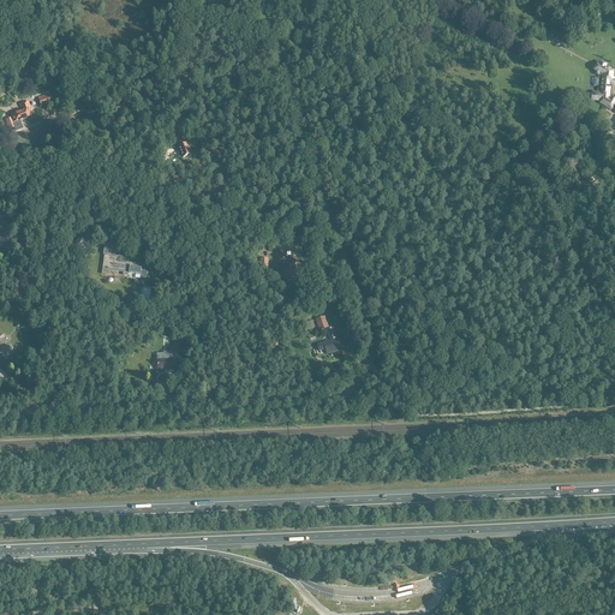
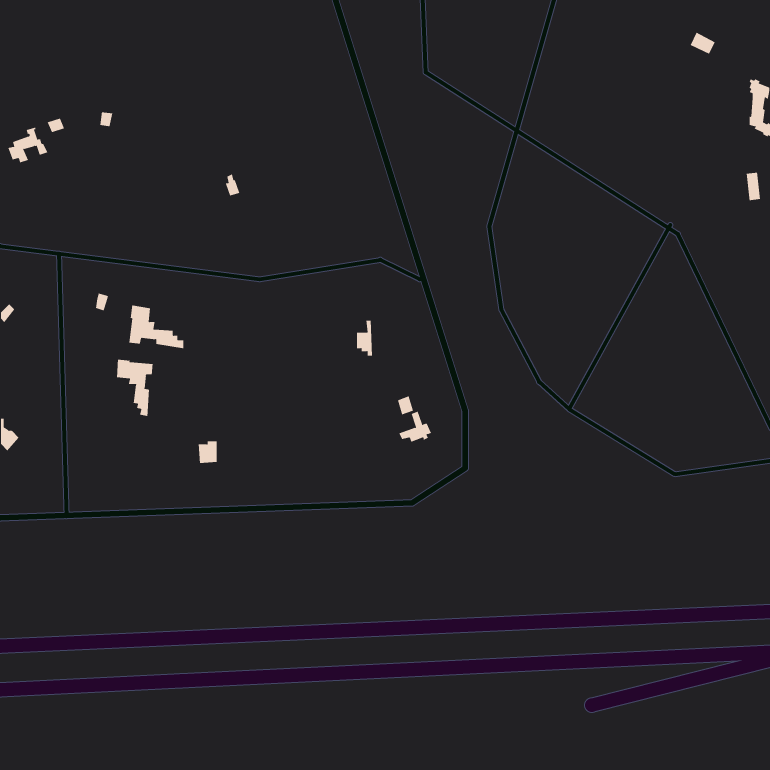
building: none -> [116,359,153,417]

